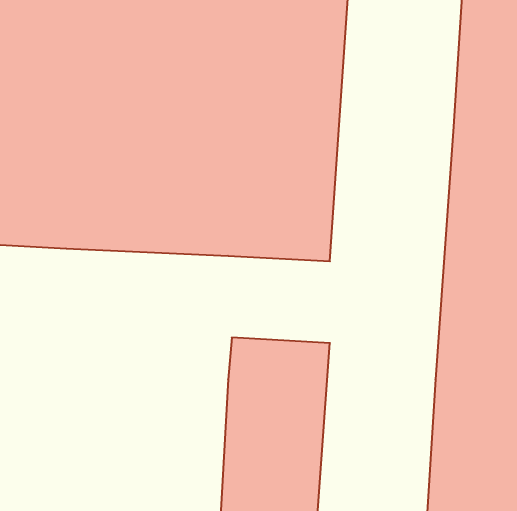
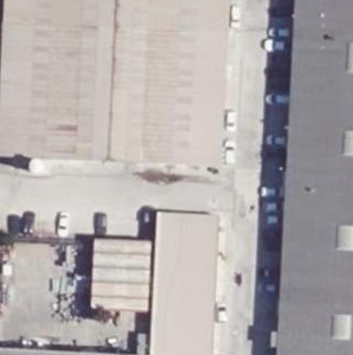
building: none -> [93,242,145,311]

